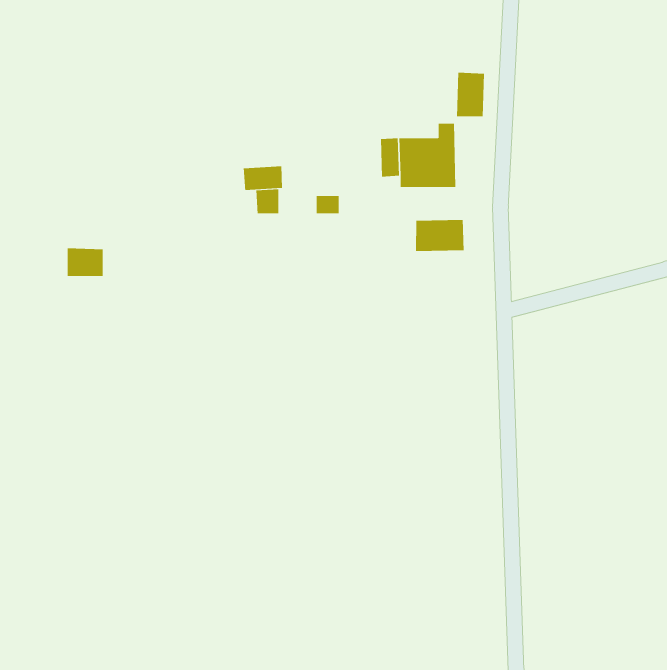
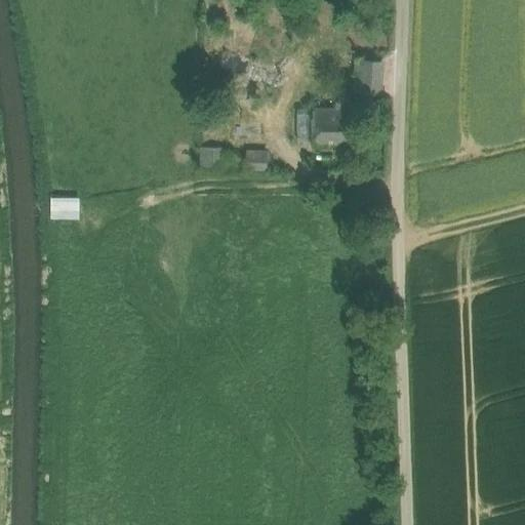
building: [243,166,282,191] -> none
building: [416,219,464,252] -> none

